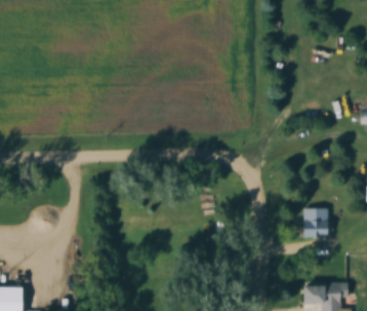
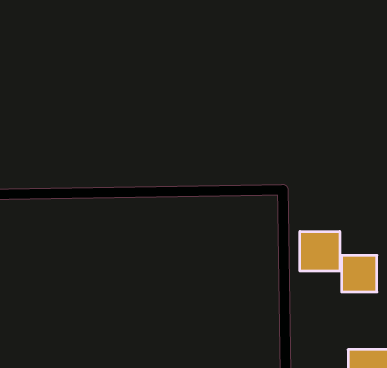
building: none -> [300,231,340,271]

